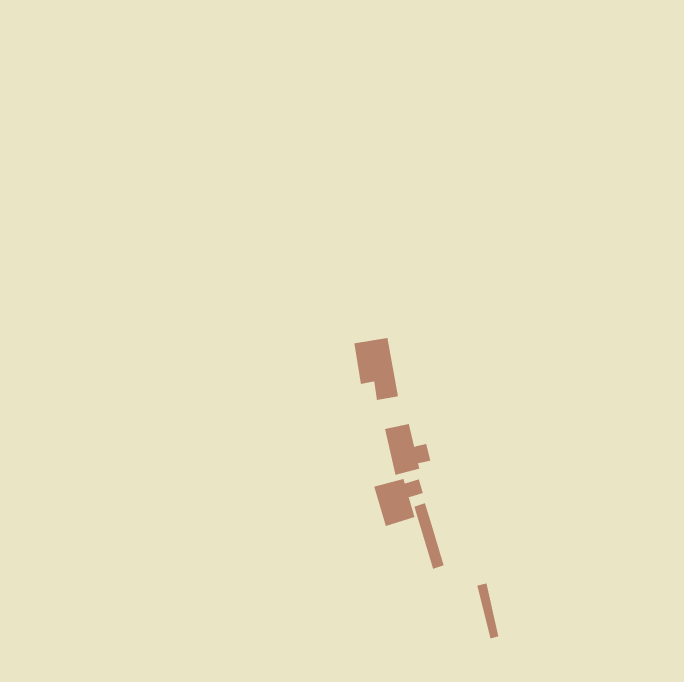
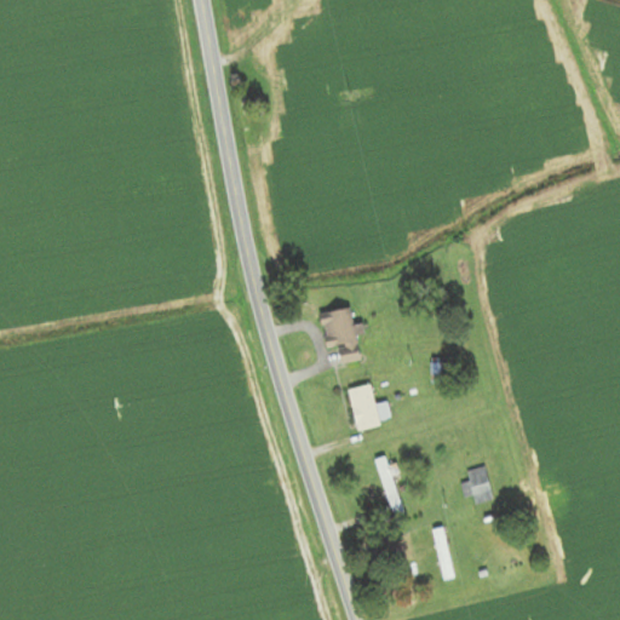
building: [373,478,424,527] -> none
building: none -> [460,465,492,501]

